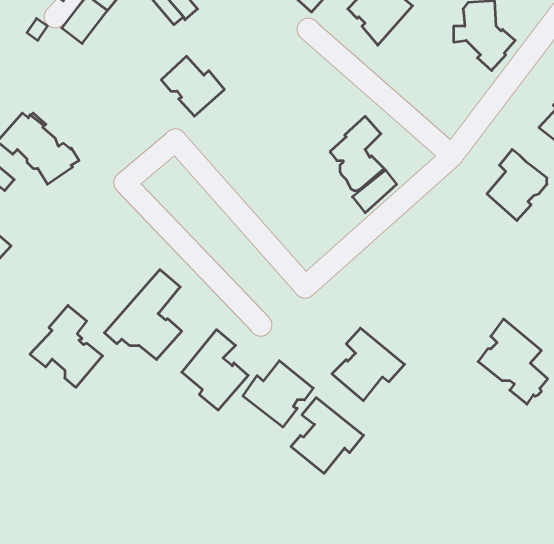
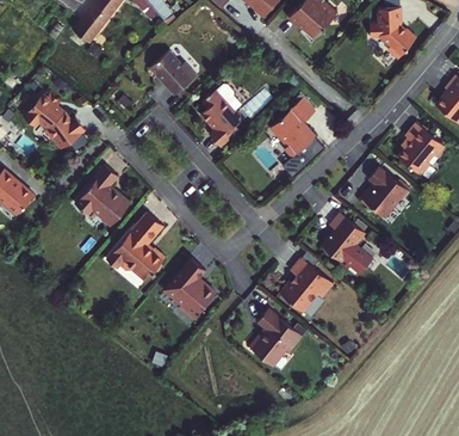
building: none -> [201,85,243,148]
building: none -> [358,167,407,219]
building: [30,305,103,387] -> [75,165,130,227]
building: [478,319,548,404] -> [318,211,371,276]
building: [243,361,313,427] -> none

